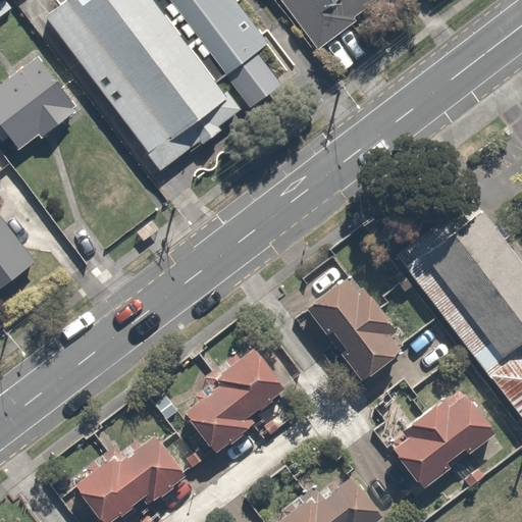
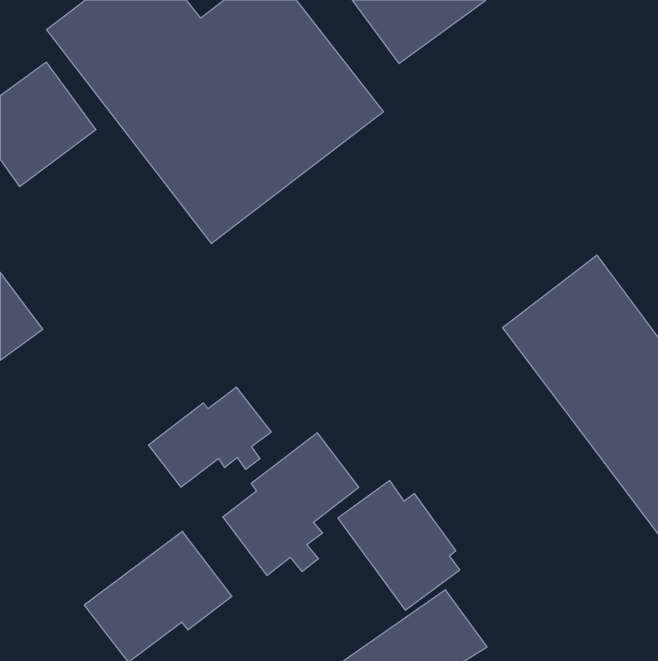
building: [305,269,401,371] -> [338,481,460,610]
building: none -> [149,387,271,487]
building: [385,394,499,495] -> none

